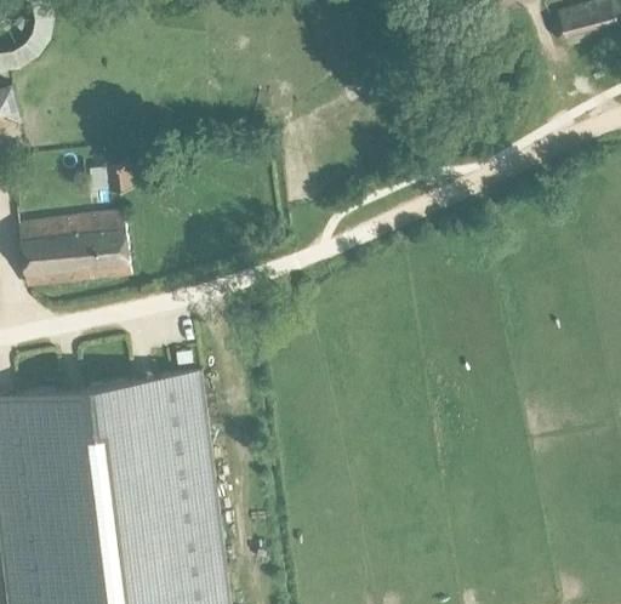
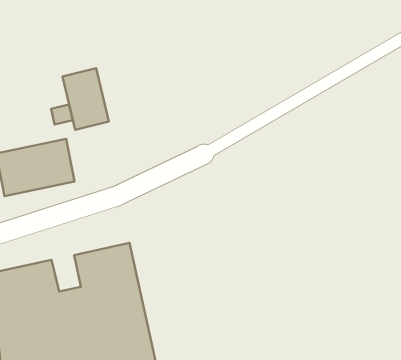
building: none -> [62,68,109,130]
building: [87,378,125,428] -> none

